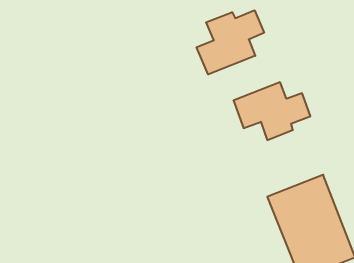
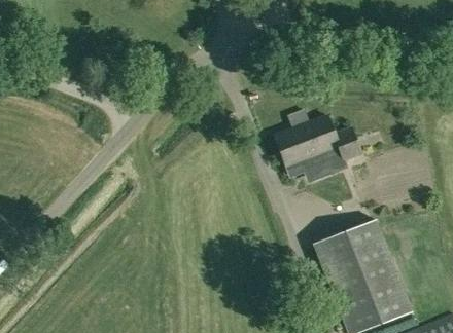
building: [197,10,264,74] -> none

